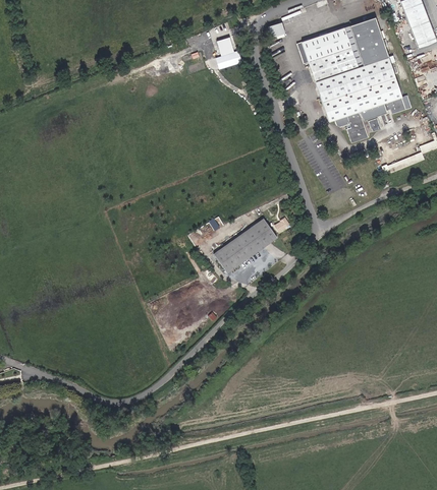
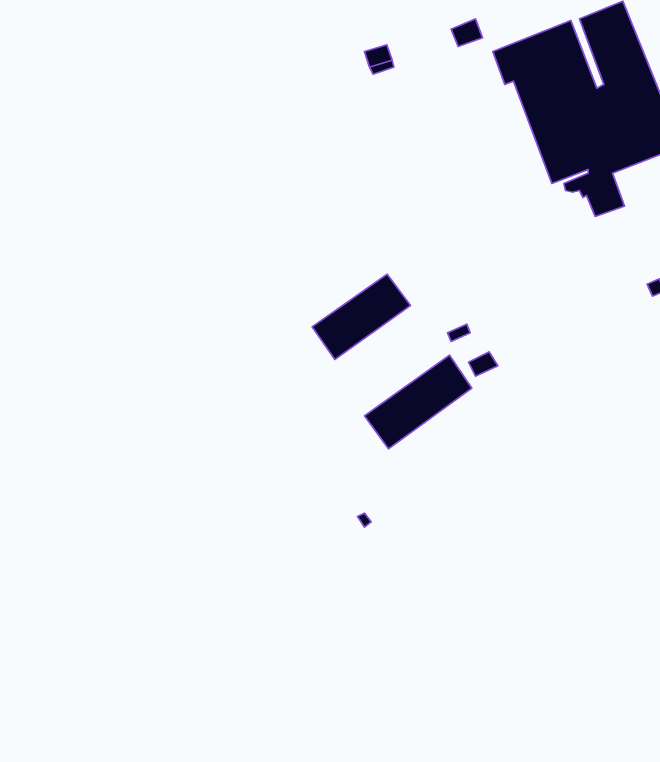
building: none -> [312,274,410,359]

